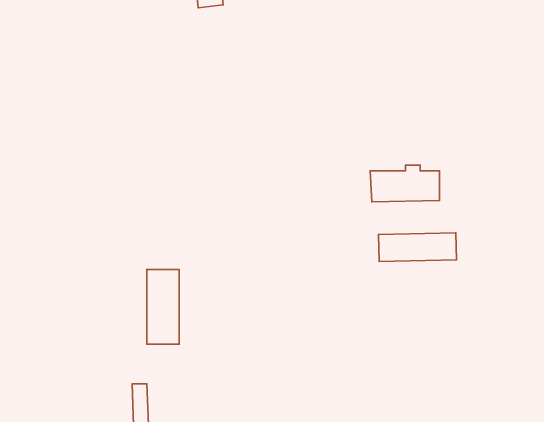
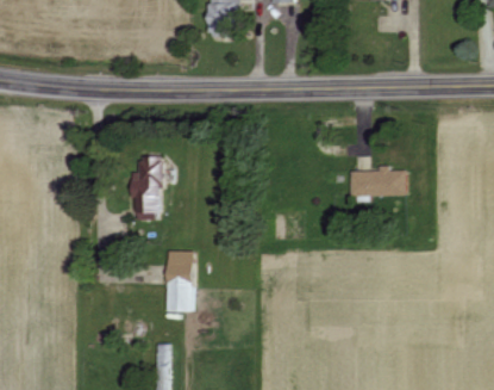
building: none -> [132,157,161,213]
building: [379,233,456,261] -> none

